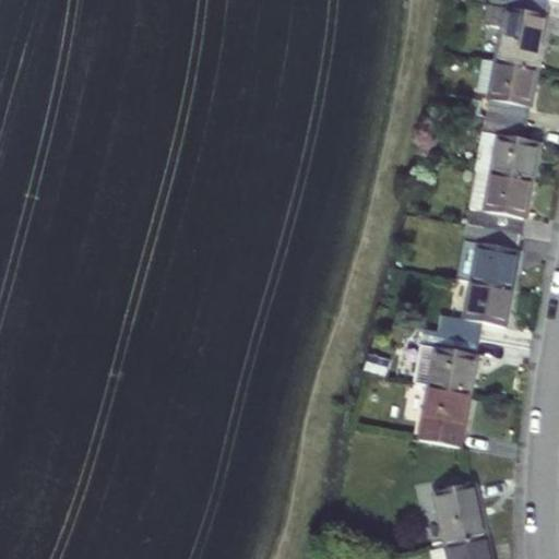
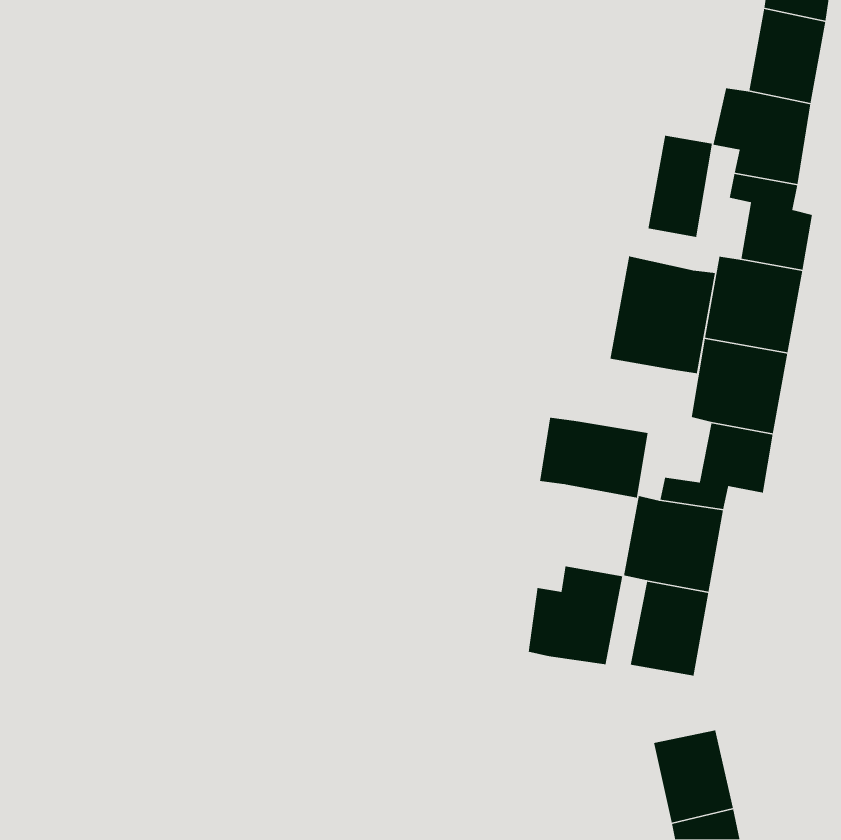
building: none -> [648,135,713,238]
building: none -> [610,256,716,374]
building: none -> [539,417,649,498]
building: none -> [528,565,623,665]

